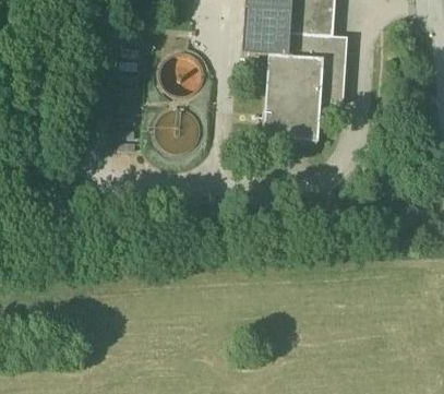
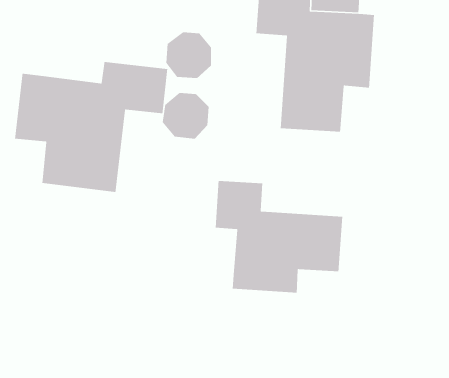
building: none -> [14,61,168,193]
building: none -> [215,180,343,294]

